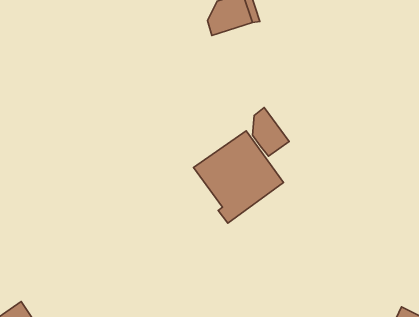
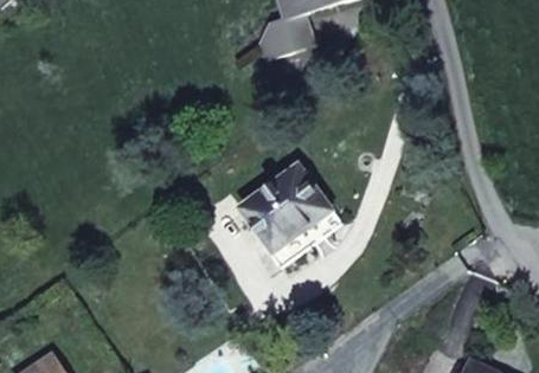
building: [252,108,289,156] -> none

